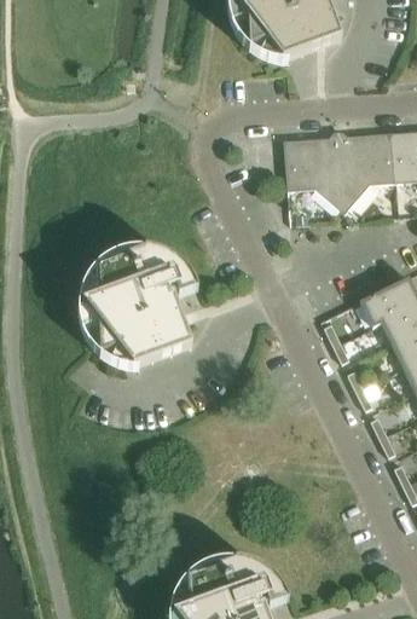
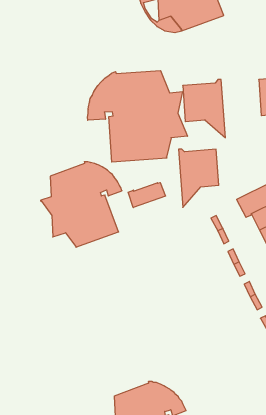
building: none -> [87,71,187,162]
building: [337,133,394,215] -> [179,149,219,207]
building: none -> [128,183,165,208]

